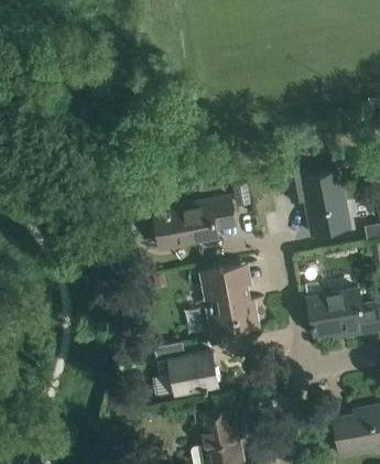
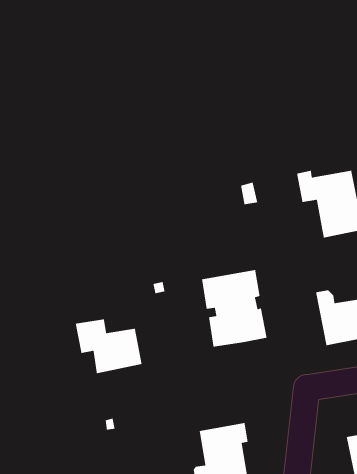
building: [153,196,235,248] -> none
building: [154,343,217,395] -> [75,318,143,374]

